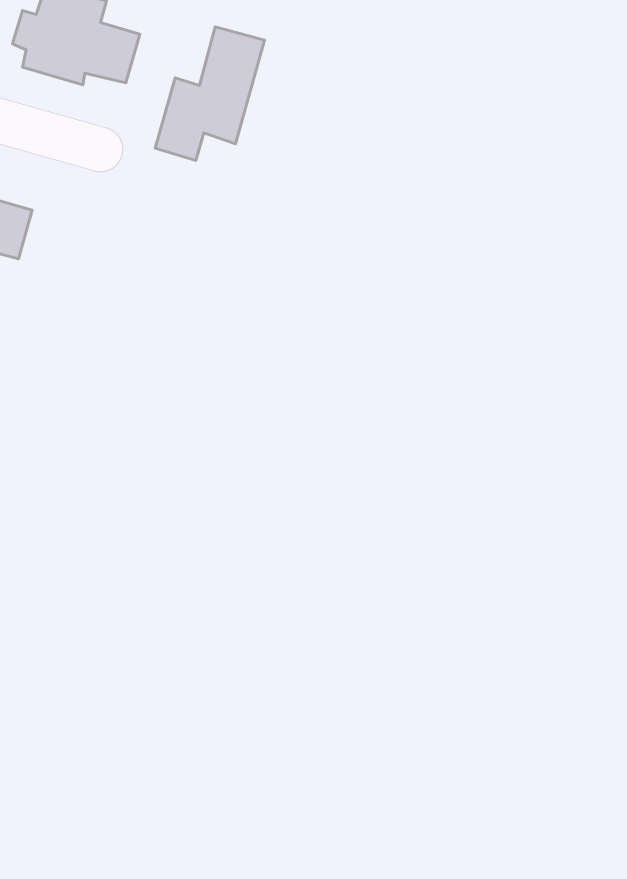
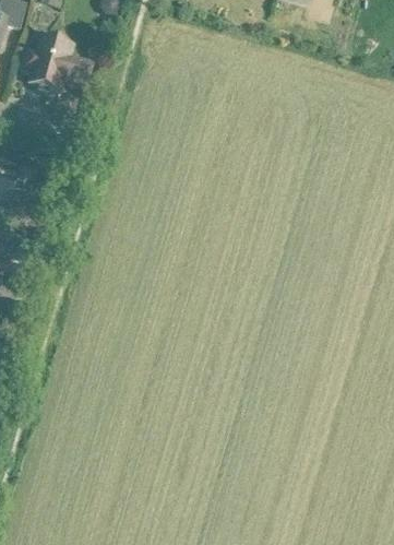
building: [155,27,264,160] -> none

